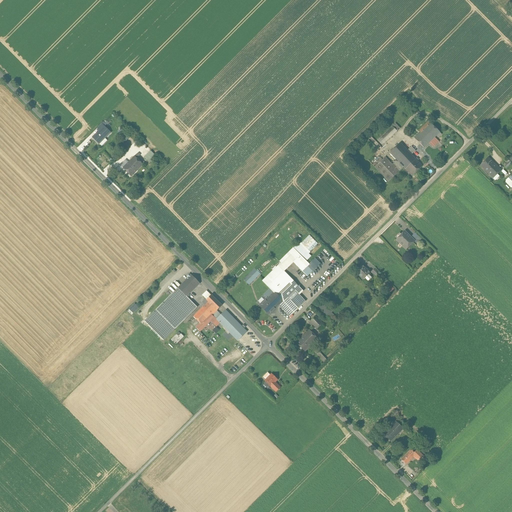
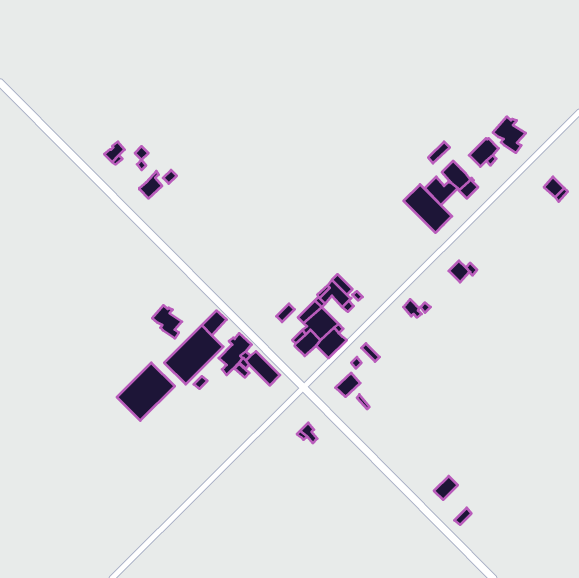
building: none -> [493,117,526,153]
building: none -> [404,184,452,233]
building: none -> [152,305,182,338]
building: none -> [117,363,175,421]

